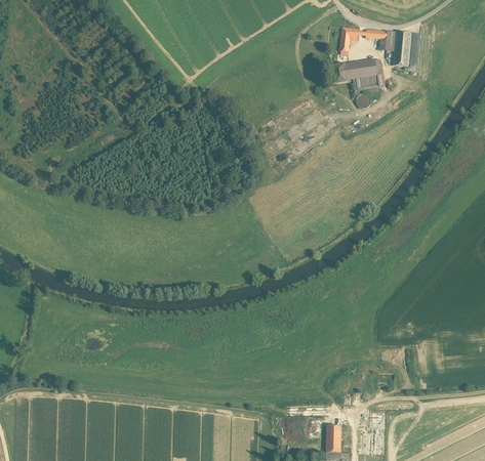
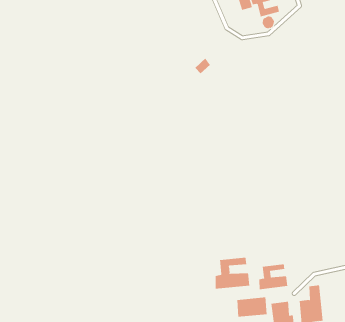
building: none -> [215,257,250,289]
building: none -> [259,263,288,290]

